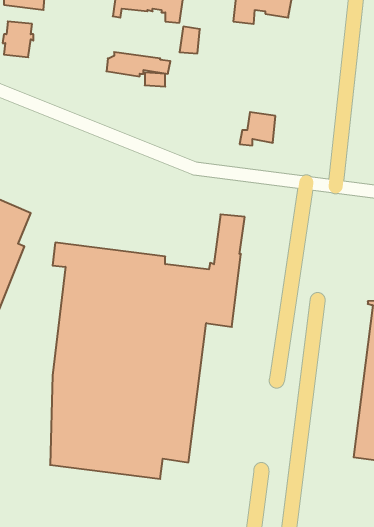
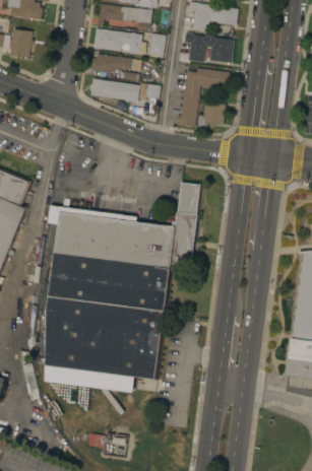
building: none -> [92,28,145,55]
building: none -> [184,32,233,63]
building: none -> [175,68,228,126]
building: none -> [89,79,160,107]

